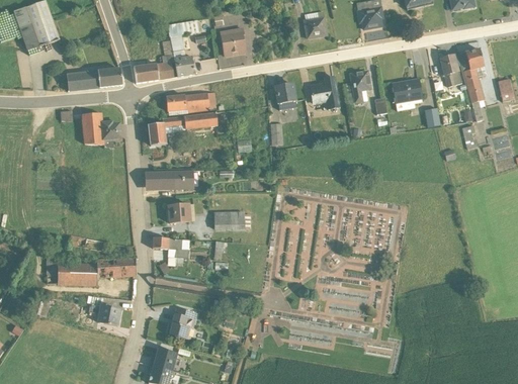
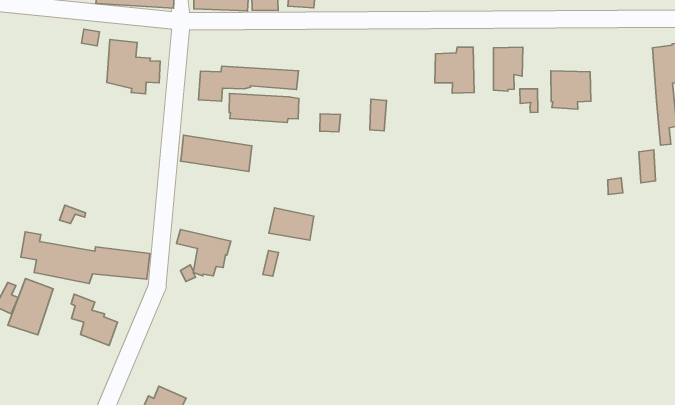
building: [438,53,460,86] -> none
building: [274,83,295,109] -> none
building: [165,92,215,114] -> [229,94,299,123]
building: [166,203,194,222] -> none
building: none -> [8,279,53,335]
building: [166,307,196,340] -> none

